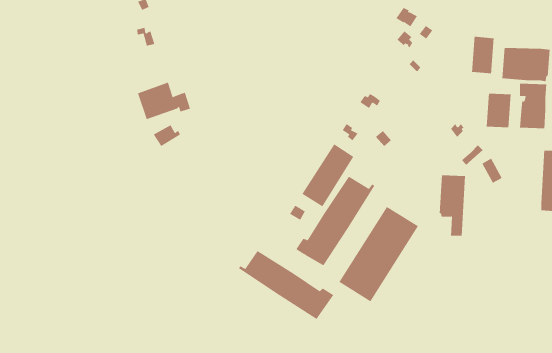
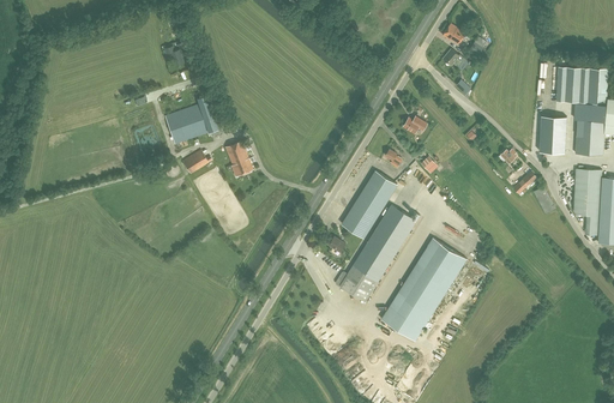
building: [471,36,494,74] -> none
building: none -> [224,142,253,176]
building: [439,175,466,236] -> [572,169,601,235]
building: [238,250,334,320] -> none

